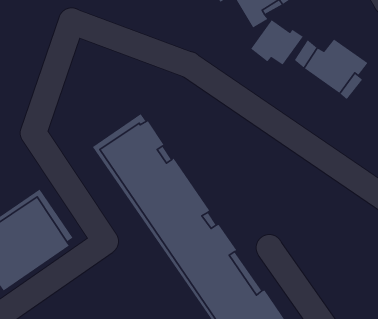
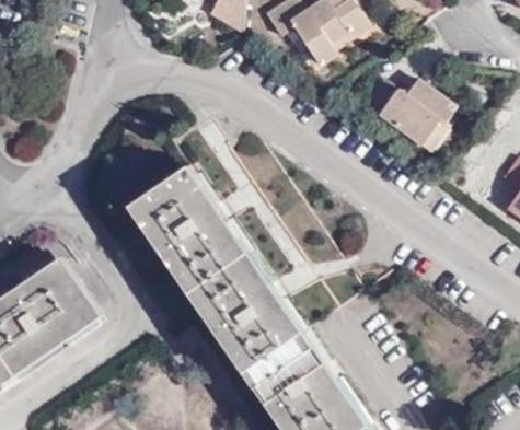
building: [250,19,304,65] -> none

